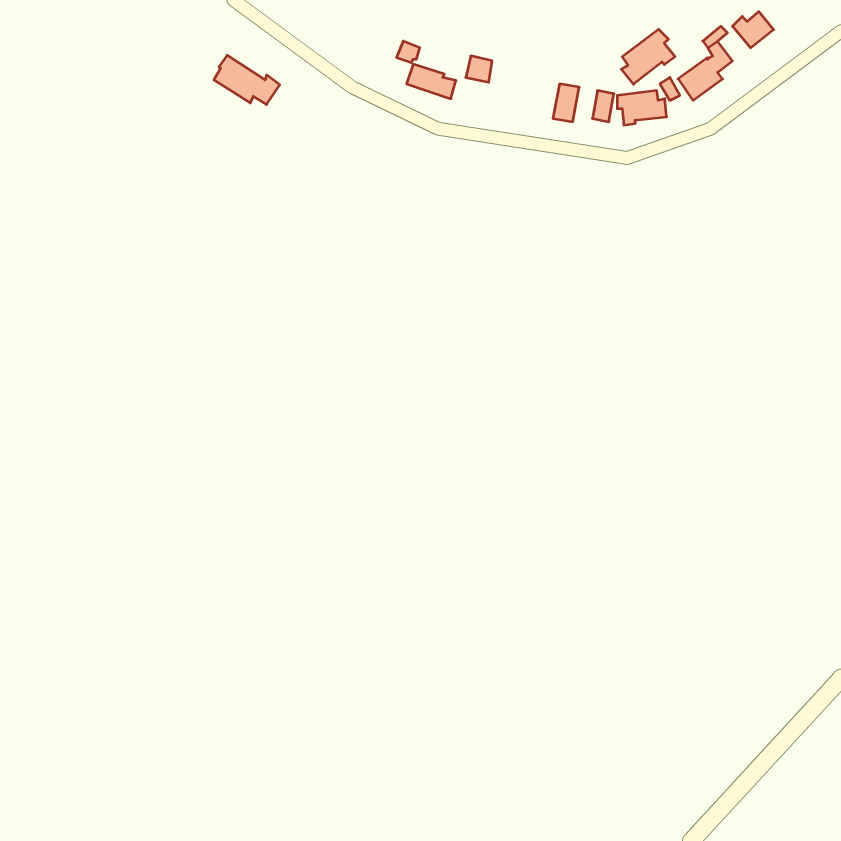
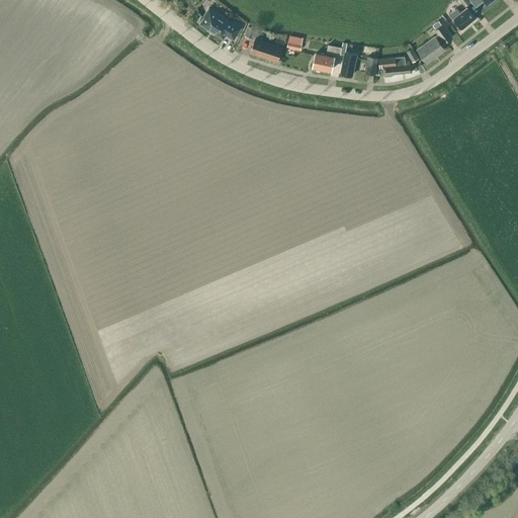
building: [621,29,675,84] -> none
building: [214,55,280,105] -> [200,8,241,38]
building: none -> [312,45,342,71]

